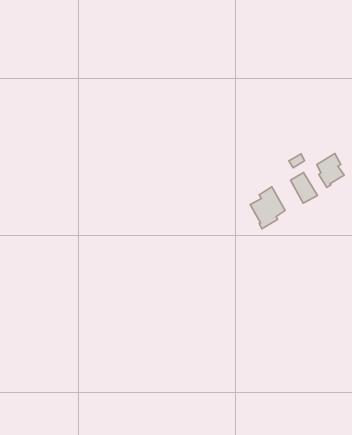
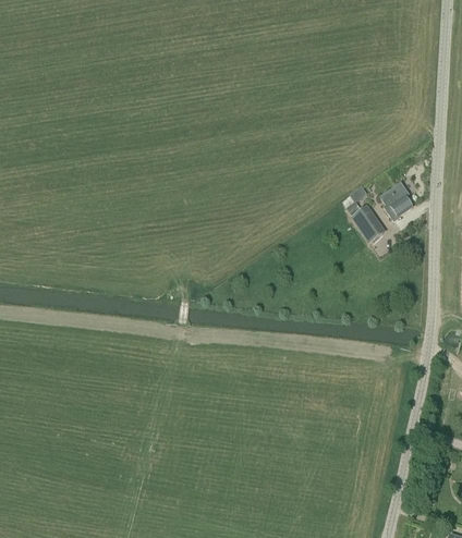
building: [250,187,285,229] -> none

